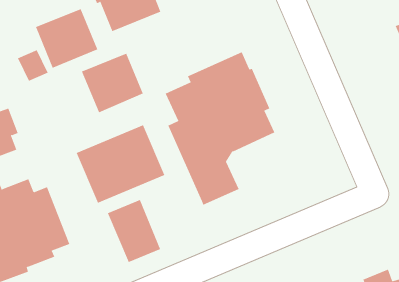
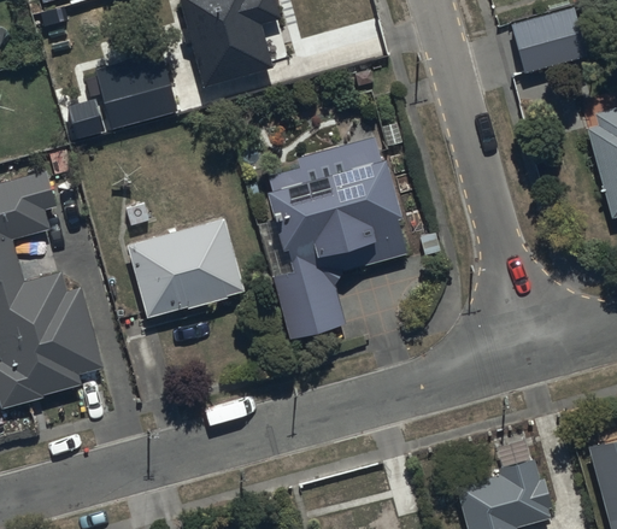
building: [81,53,144,113] -> none
building: [107,199,161,263] -> none

